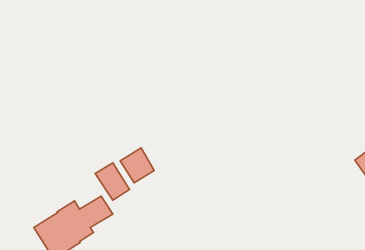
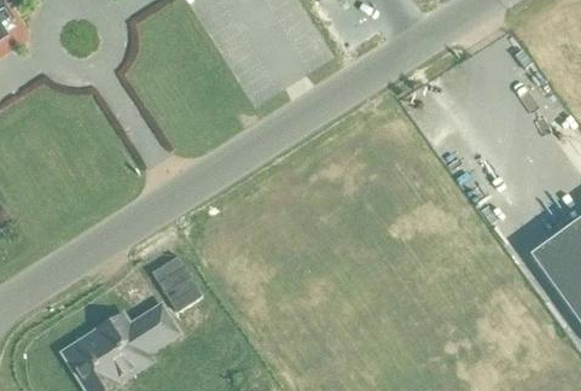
building: [120,148,154,183] -> none

